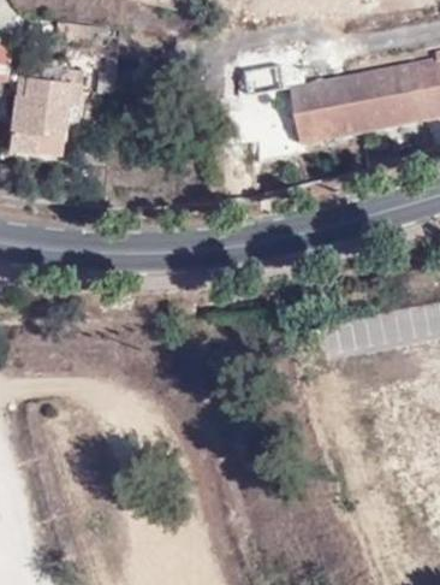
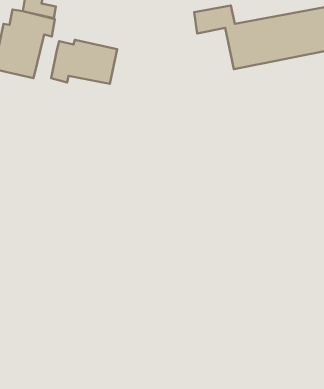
building: none -> [51,40,117,84]

